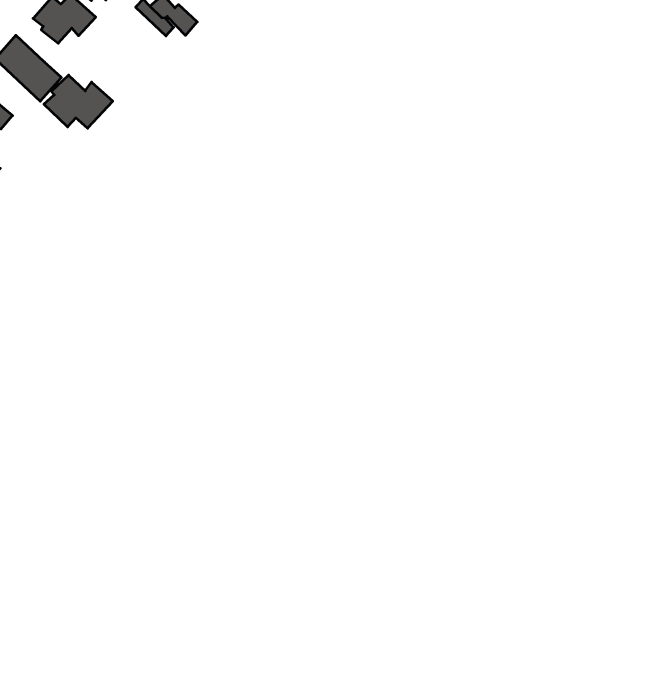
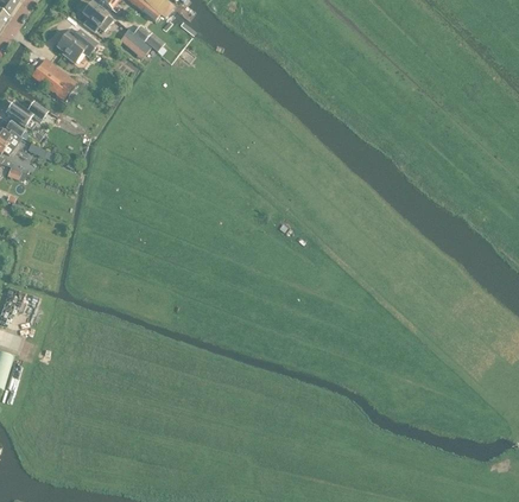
building: [44,75,113,128] -> none

